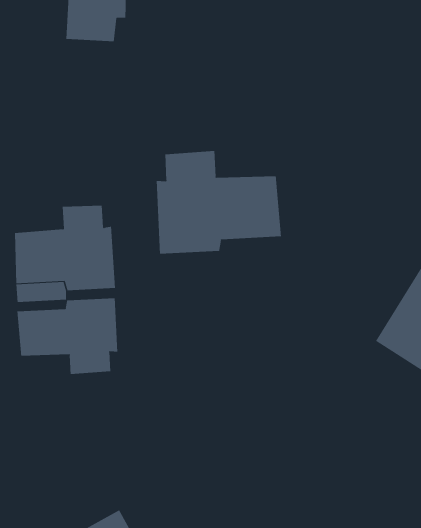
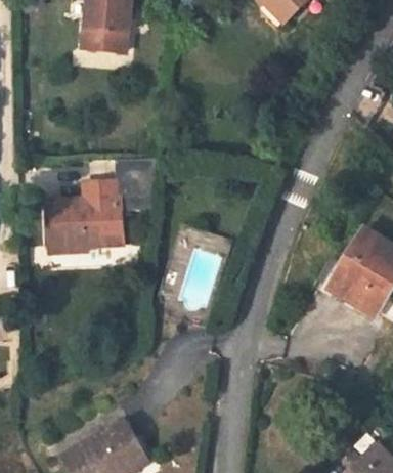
building: [156,150,281,255] -> none
building: [17,297,118,375] -> none

